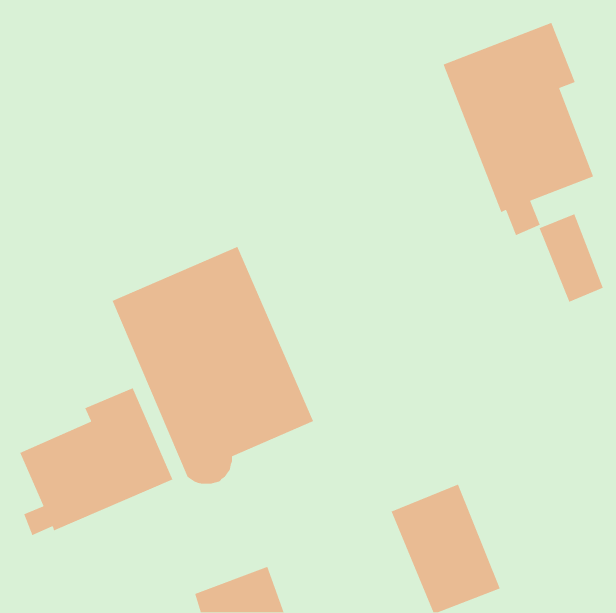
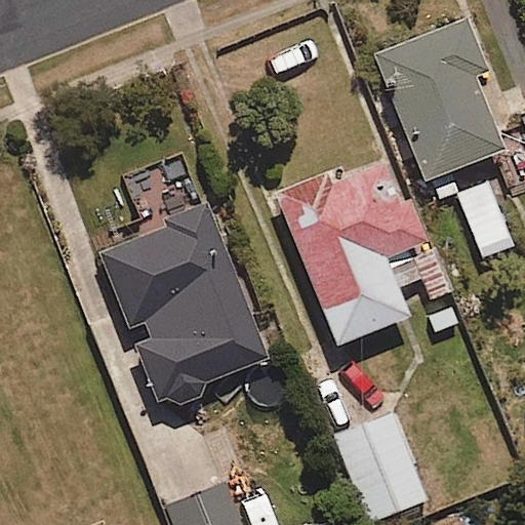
building: none -> [270,160,449,348]
building: [19,387,173,536] -> none

